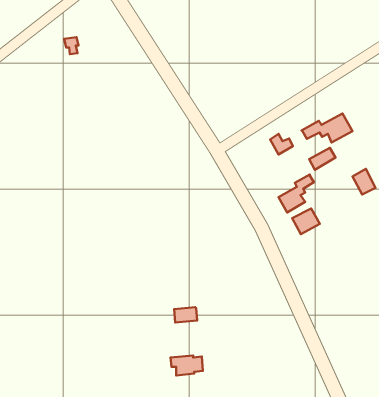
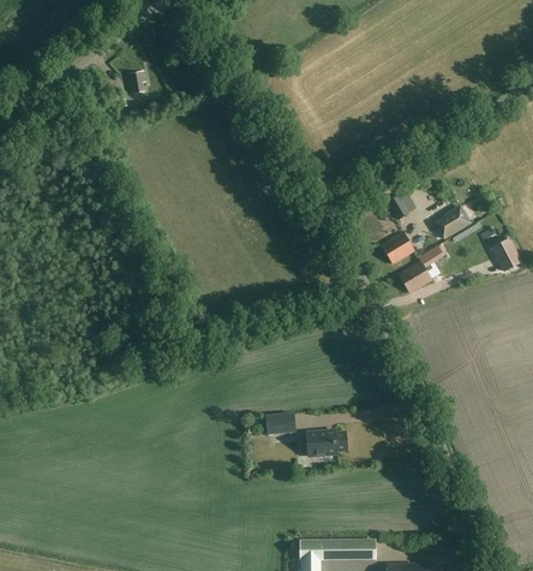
building: [301,113,352,143] -> none
building: [292,209,320,234] -> [381,231,415,263]
building: [171,356,203,375] -> [306,429,347,454]

